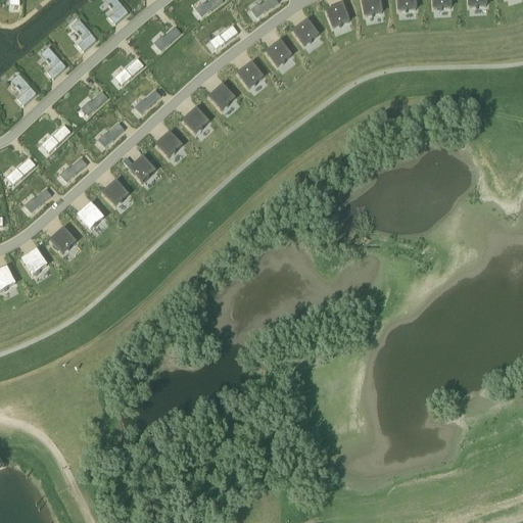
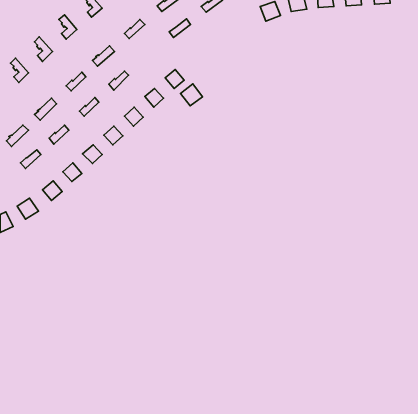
building: [292,17,319,45] -> none
building: [265,38,292,65] -> none
building: [236,59,264,87] -> [180,84,203,106]

